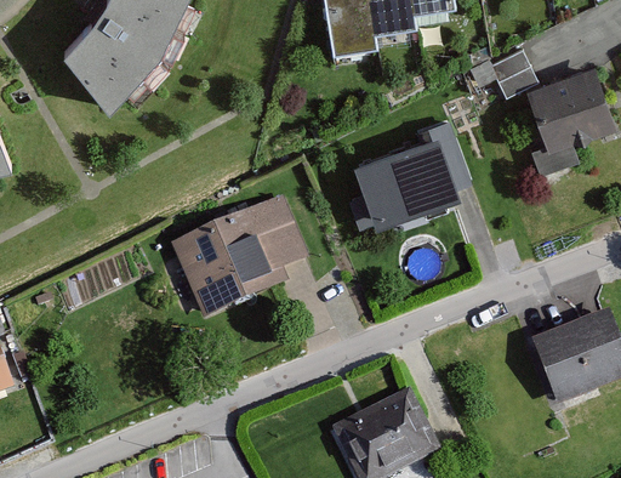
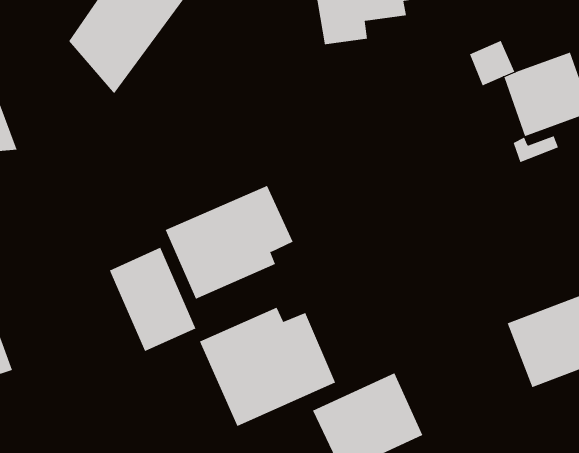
building: [352,133,468,221] -> none
building: none -> [109,247,196,352]
building: none -> [199,307,336,427]

